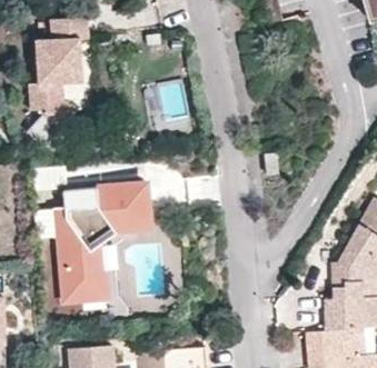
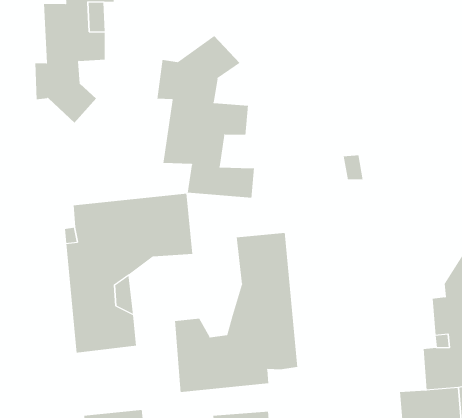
building: none -> [157,35,255,198]
building: none -> [174,232,298,393]

